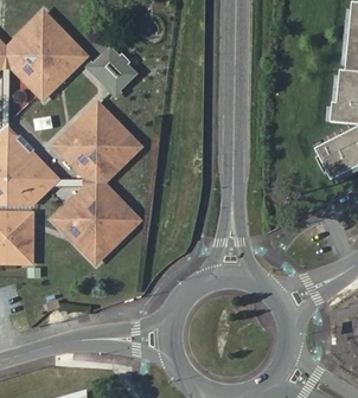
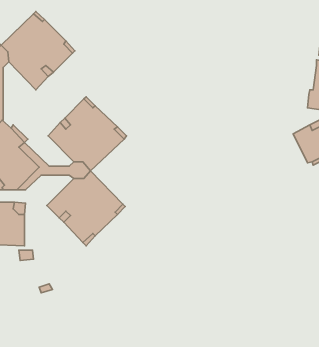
building: [91,49,135,92] -> none

